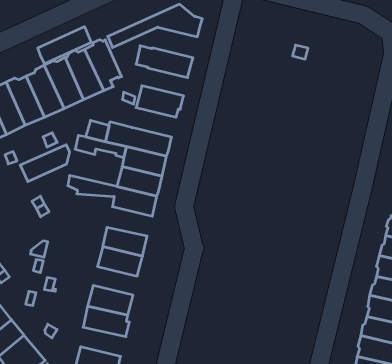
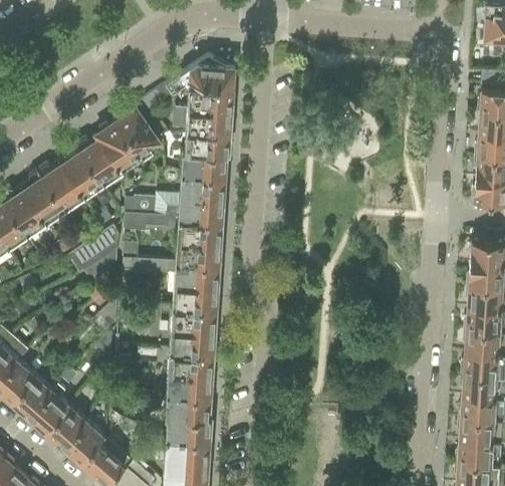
building: [38,27,91,64] -> none
building: none -> [188,84,234,110]
building: none -> [186,130,231,153]
building: none -> [181,174,226,199]
building: none -> [173,283,219,308]
building: none -> [169,349,214,374]
building: none -> [167,417,213,441]

